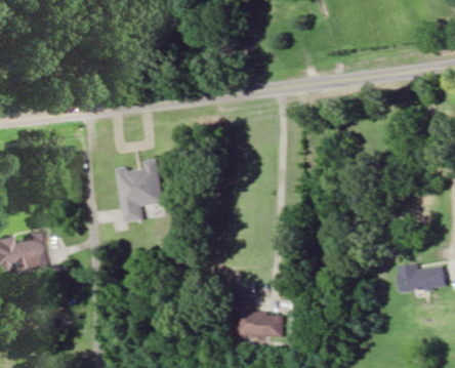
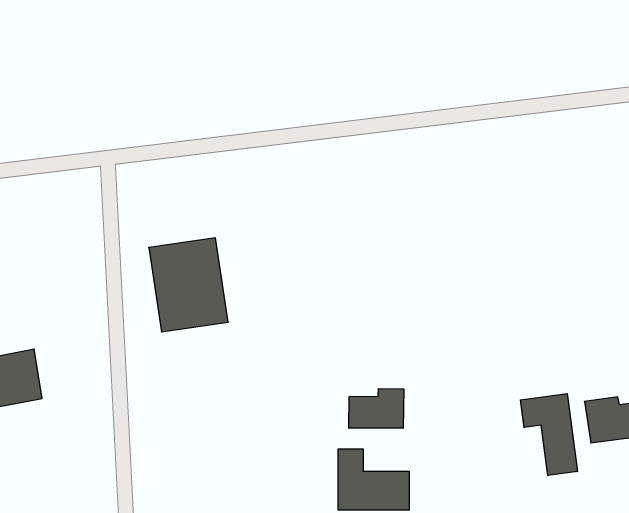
building: none -> [349,389,404,428]
building: none -> [520,394,577,476]

